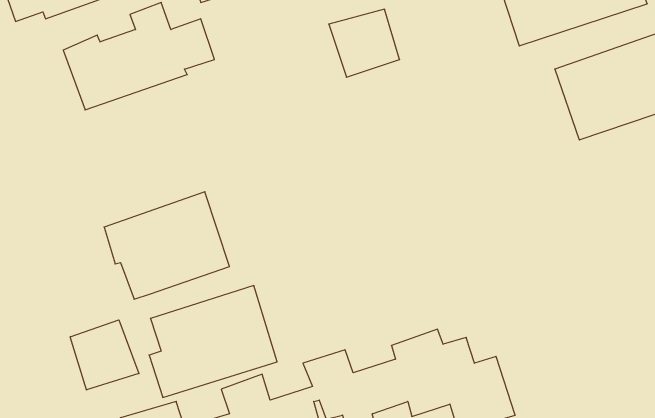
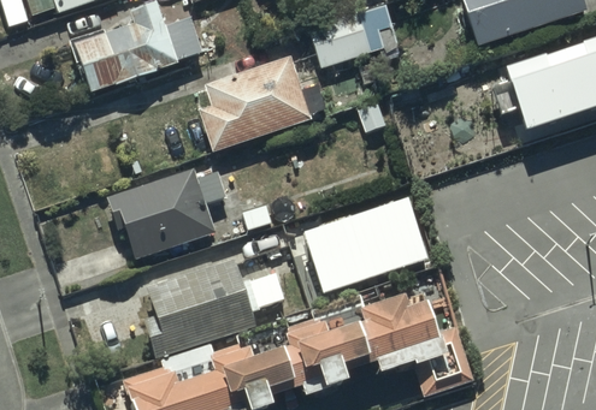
building: none -> [202,60,311,153]
building: none -> [309,191,435,289]
building: [70,320,139,390] -> none

